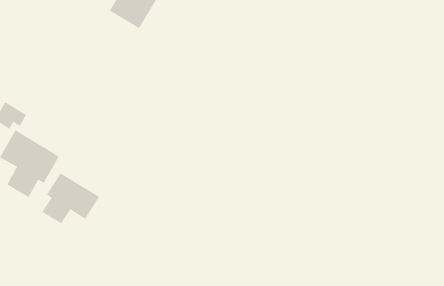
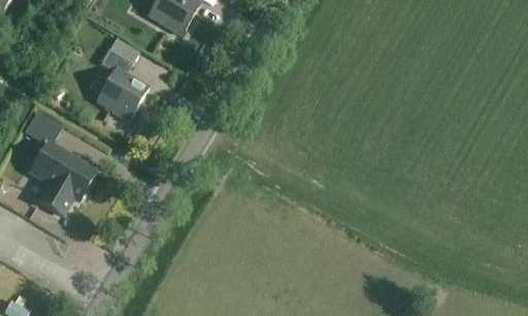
building: none -> [97,49,148,121]
building: [41,173,100,224] -> none

